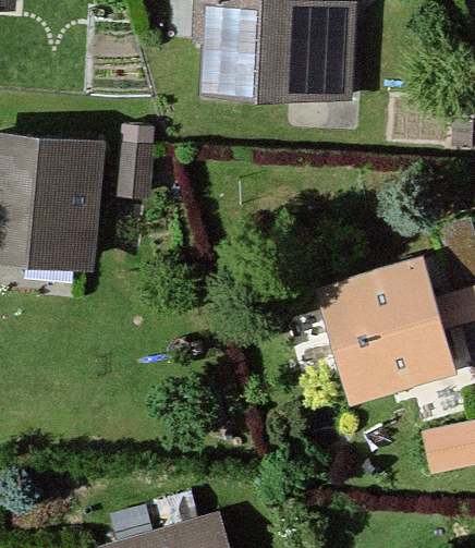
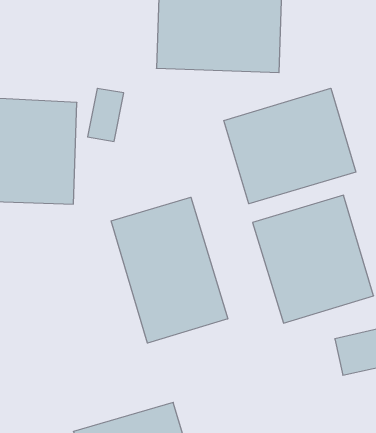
building: none -> [224,88,356,204]
building: none -> [111,197,228,343]

